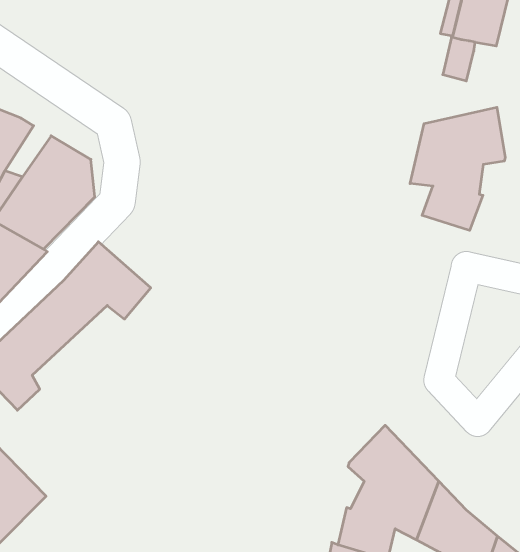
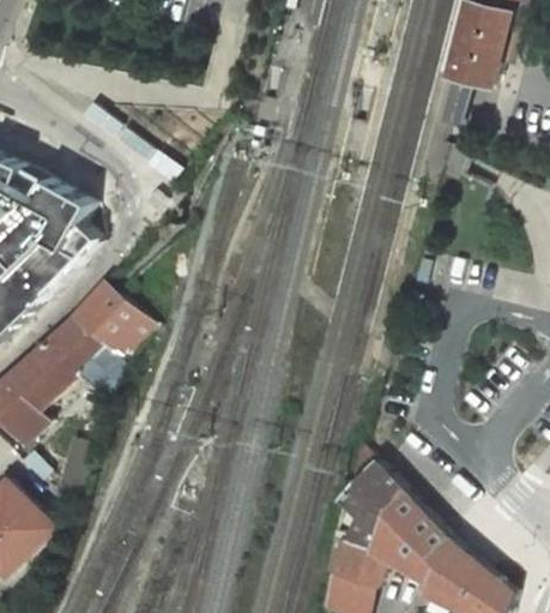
building: [410,107,505,230] -> none

